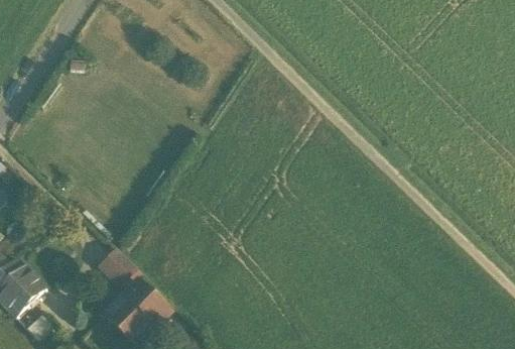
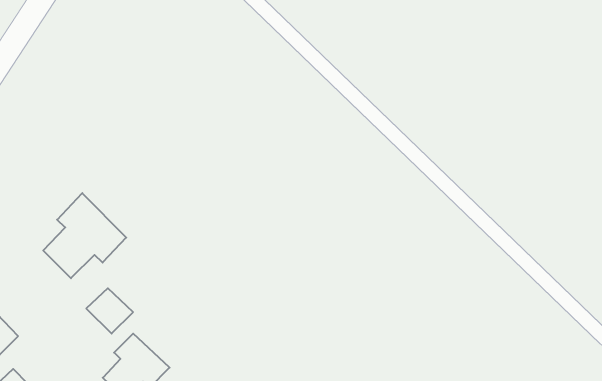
building: none -> [43,193,126,278]

